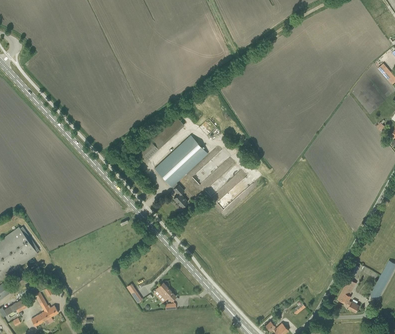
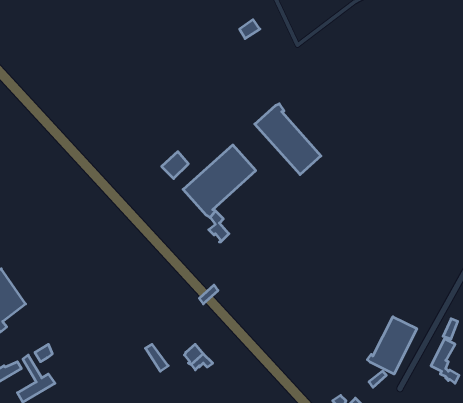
building: none -> [255,104,321,175]
building: none -> [367,317,417,374]

